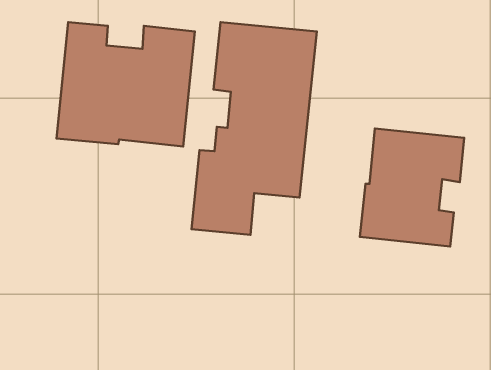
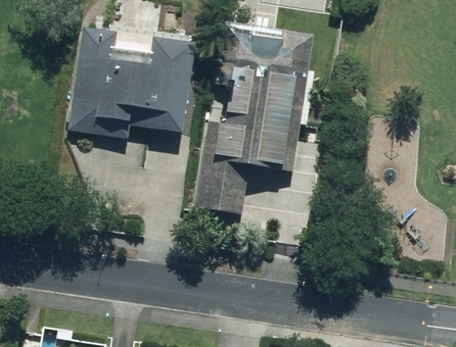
building: [360,129,464,246] -> none

